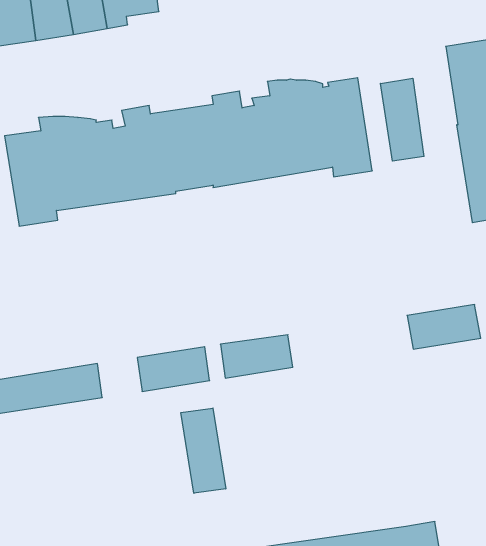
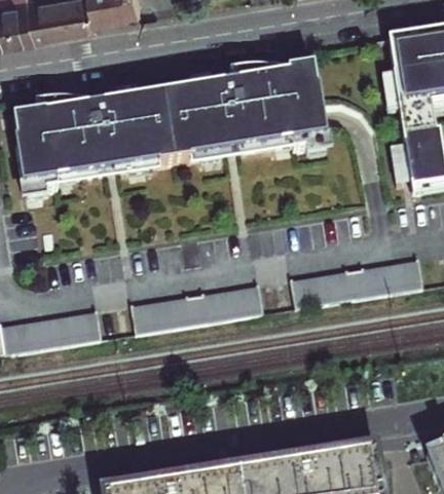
building: [380,78,424,161] -> none
building: none -> [286,271,347,309]
building: [181,408,226,493] -> none

